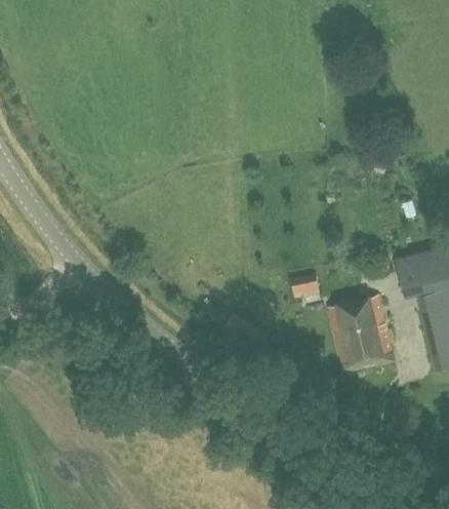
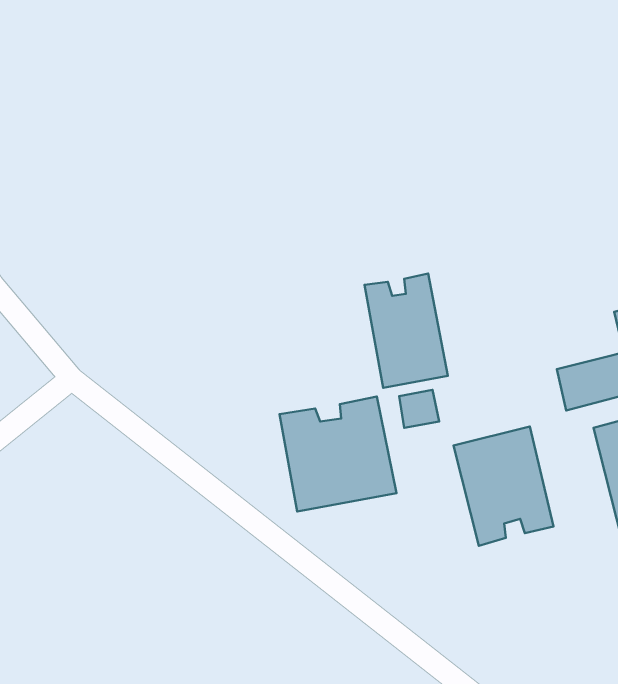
building: none -> [364,274,448,388]
building: none -> [279,396,396,512]

